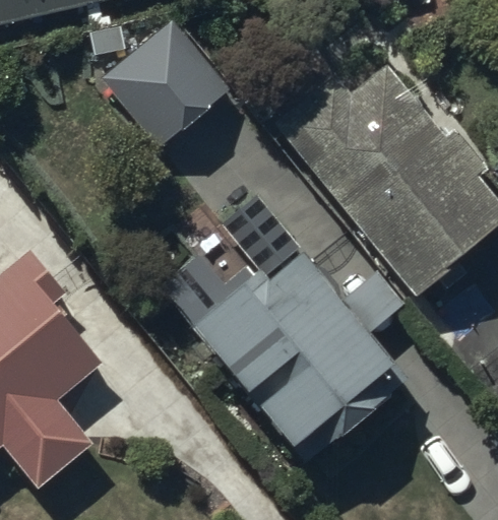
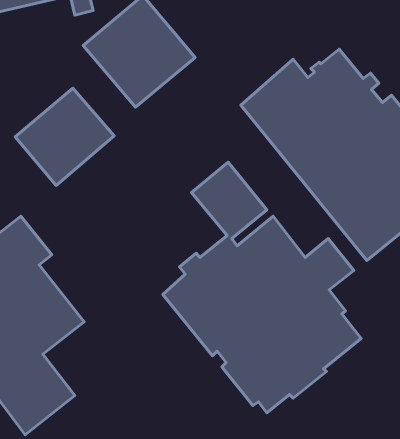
building: none -> [15,88,114,185]

